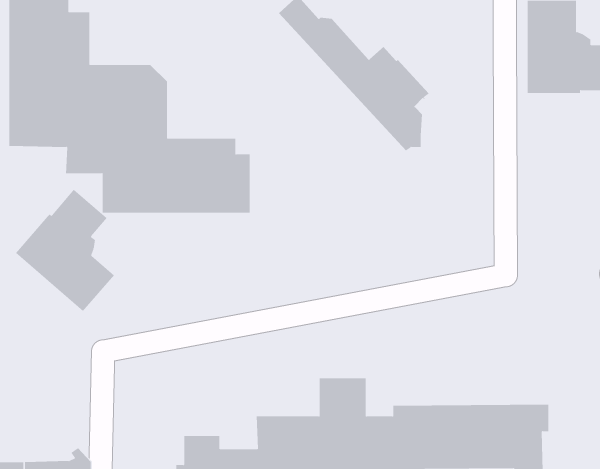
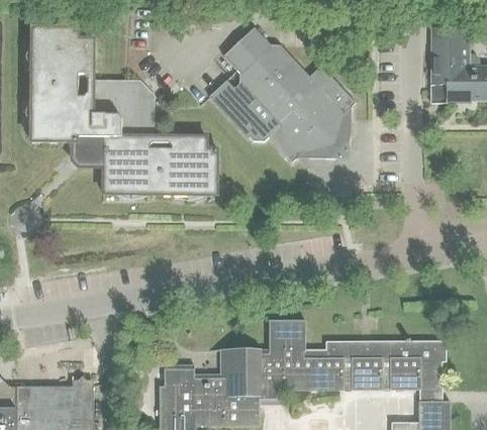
building: none -> [207,40,335,160]
building: [15,189,115,312] -> none

